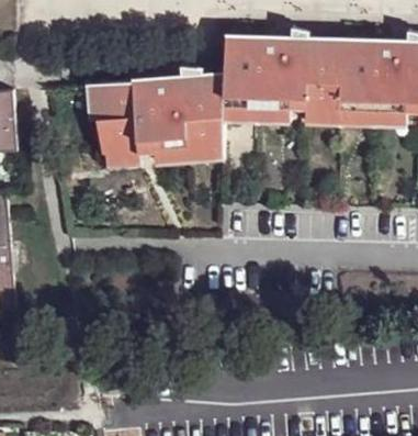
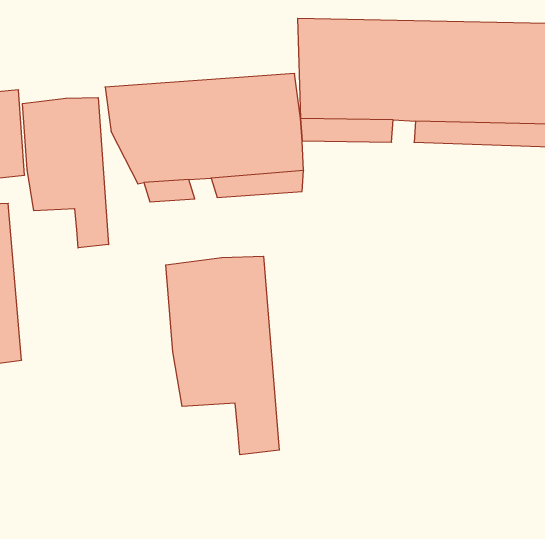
building: none -> [22,98,109,248]
building: none -> [166,256,279,455]

